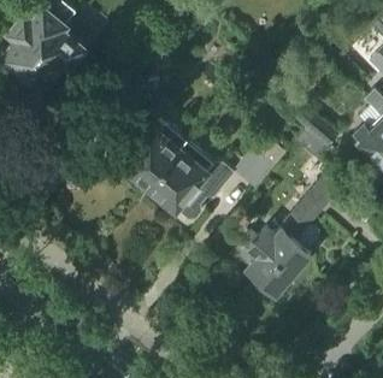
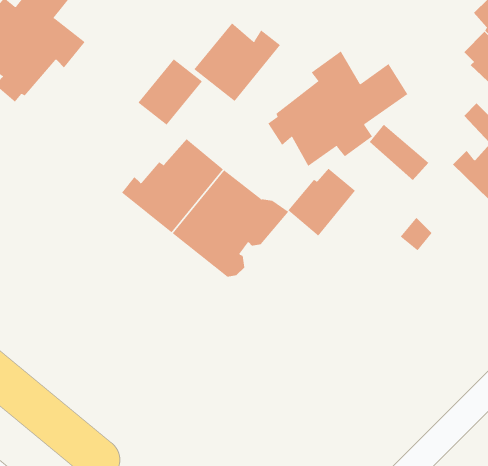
building: none -> [193,22,281,102]
building: none -> [268,50,408,167]
building: [232,200,319,295] -> none

